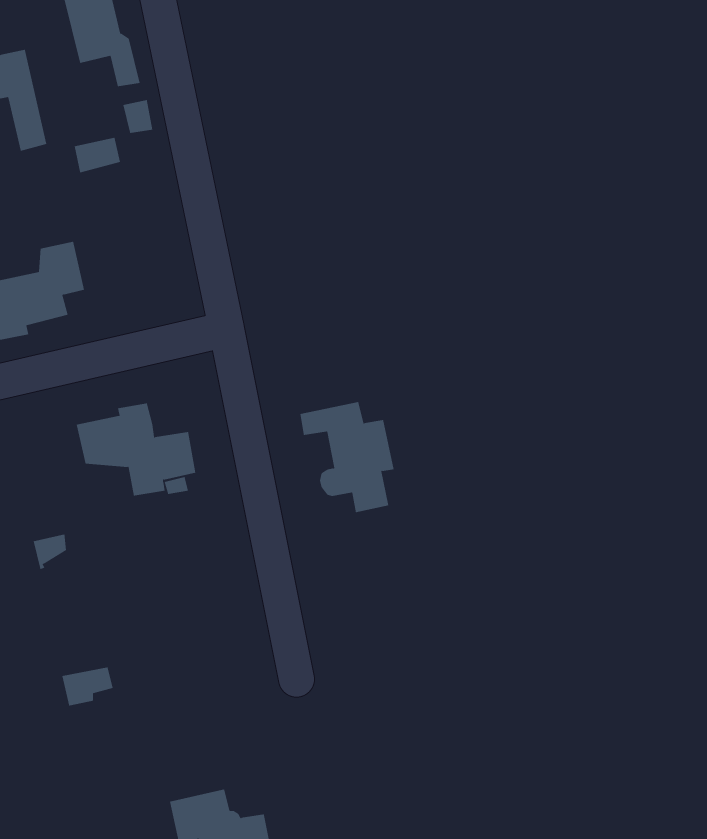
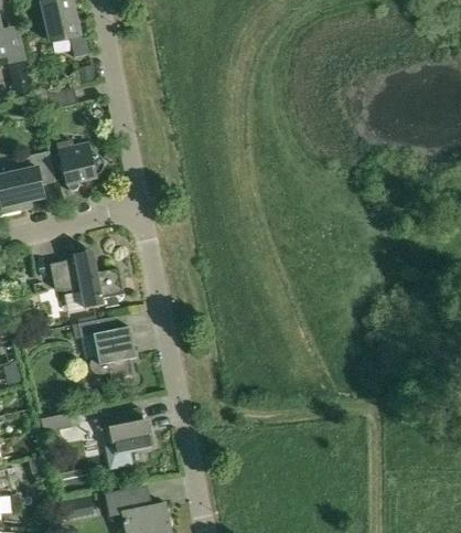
building: none -> [55,140,103,190]
building: [299,401,395,513] -> [76,316,135,384]
building: none -> [97,409,152,469]

